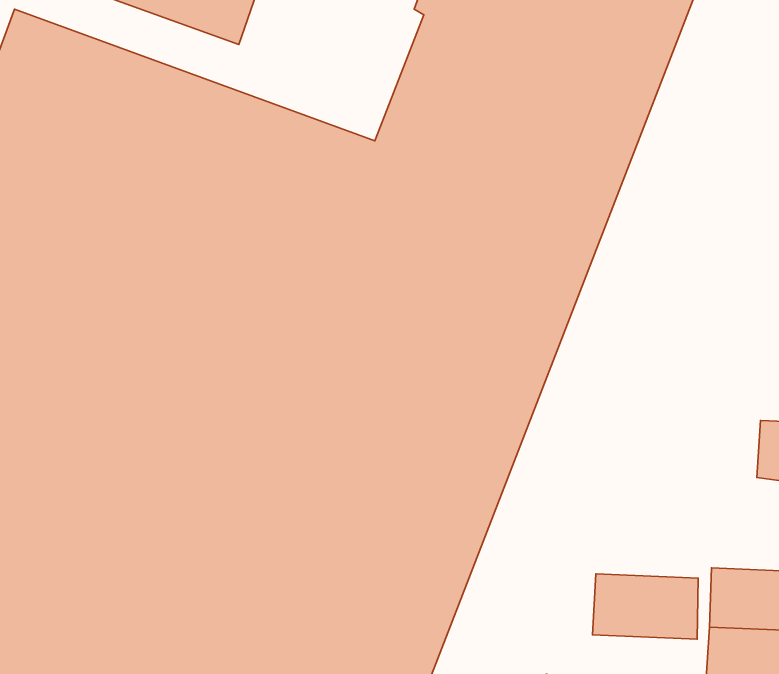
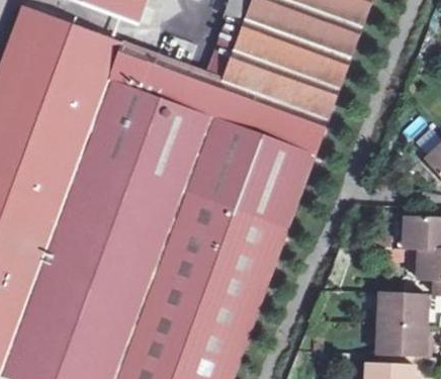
building: [592,574,698,639] -> none

